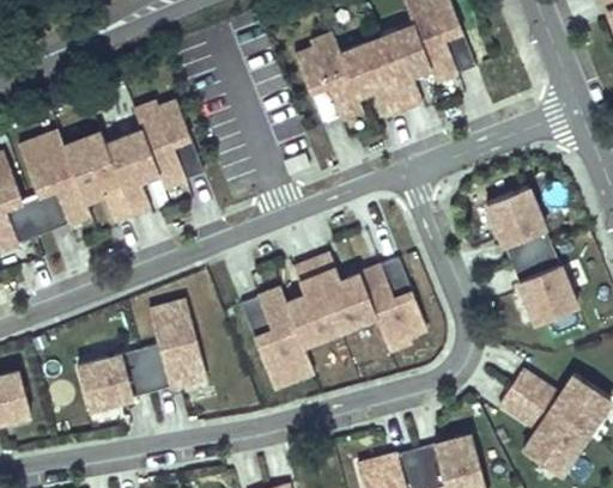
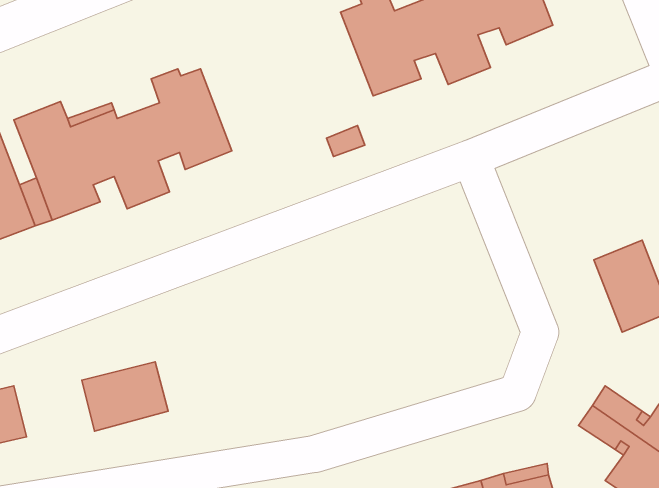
building: [485,187,551,263] -> none
building: [239,254,425,388] -> none
building: [139,300,206,391] -> none

